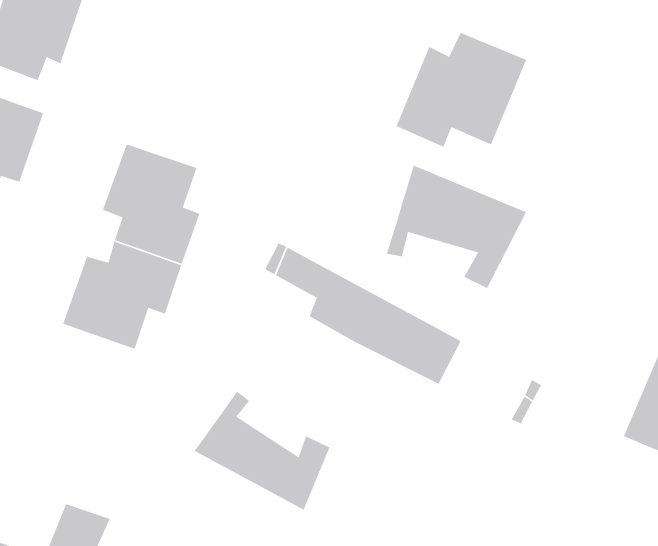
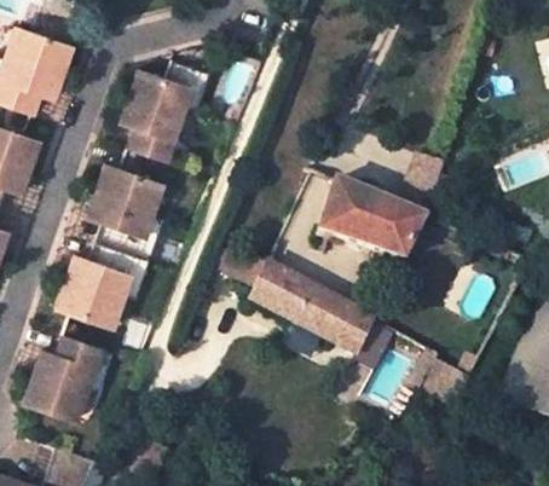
building: none -> [120,62,212,160]
building: [396,32,527,148] -> none
building: none -> [23,335,114,421]
building: [194,390,331,511] -> none

